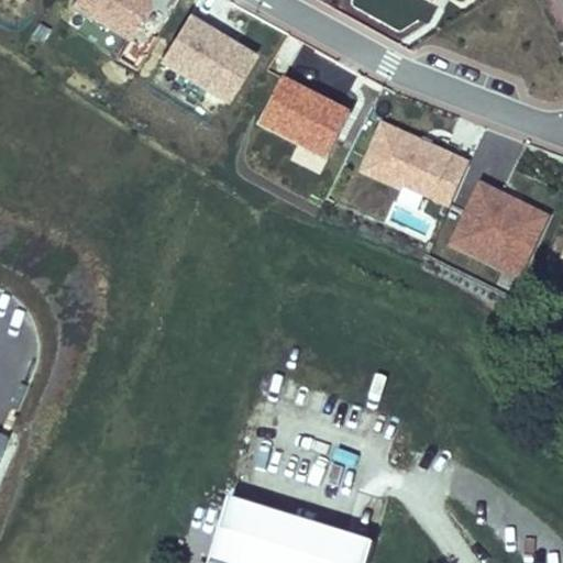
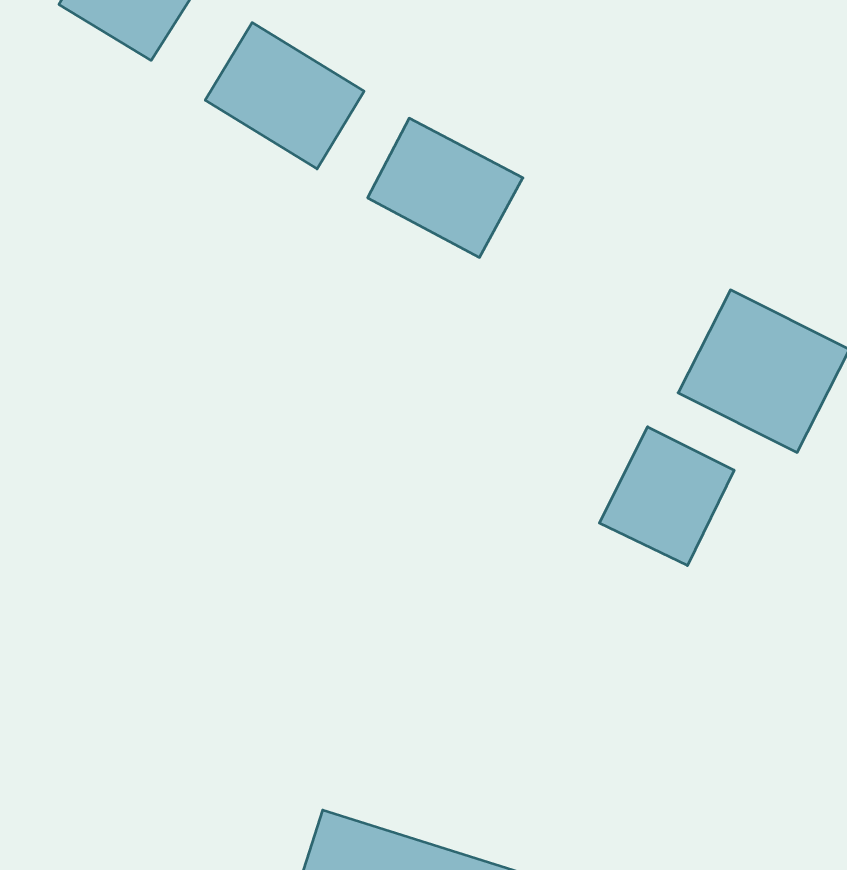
building: [358,120,471,206] -> none
building: none -> [599,427,734,566]

